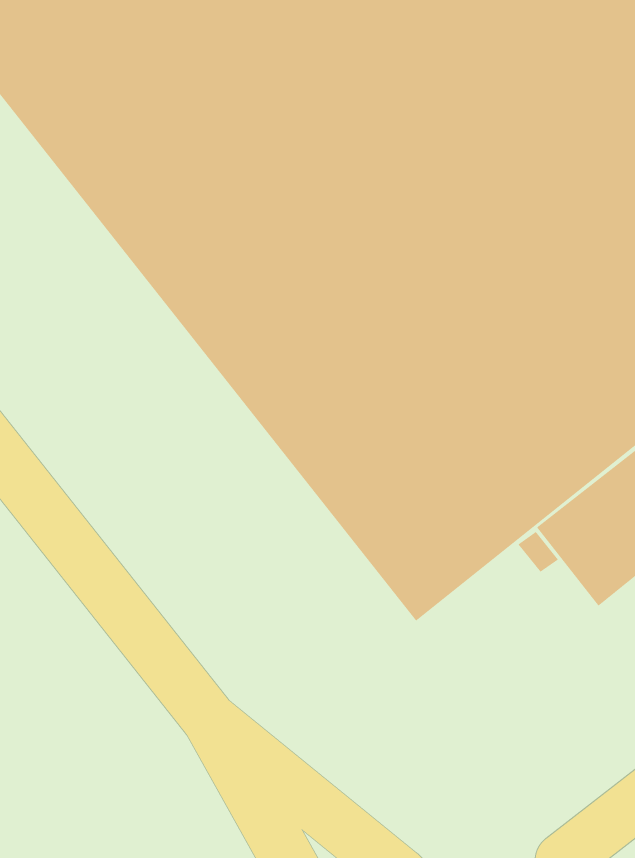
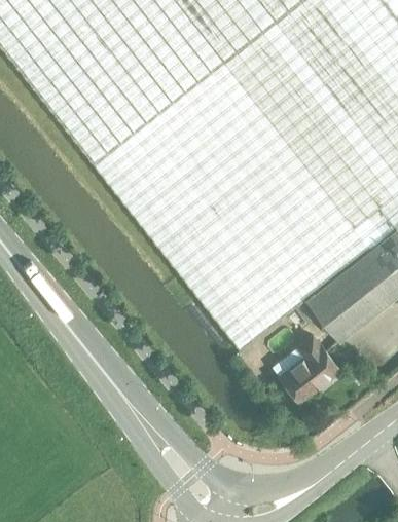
building: none -> [280,332,340,399]

